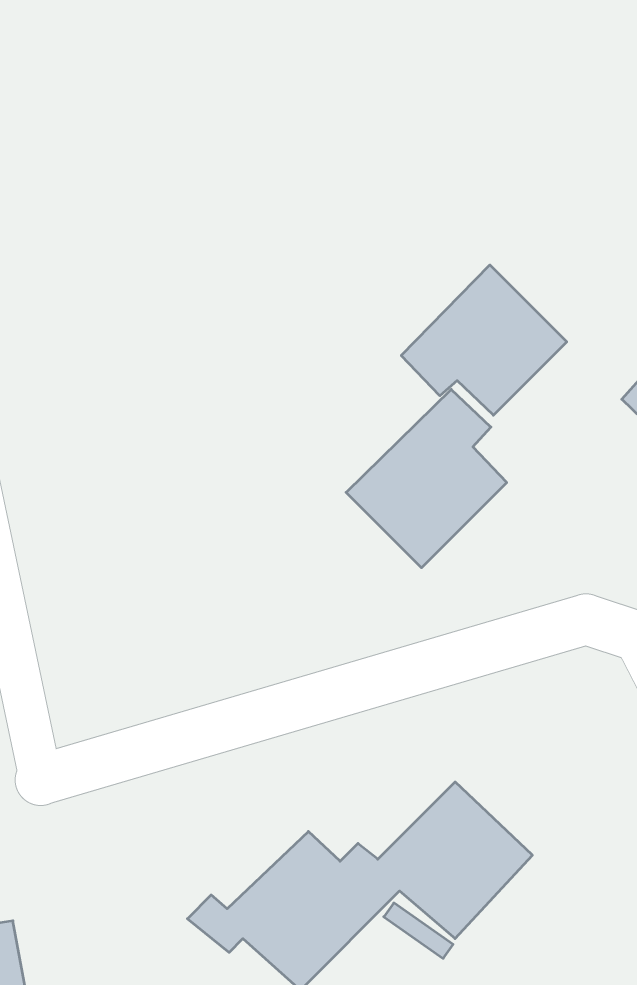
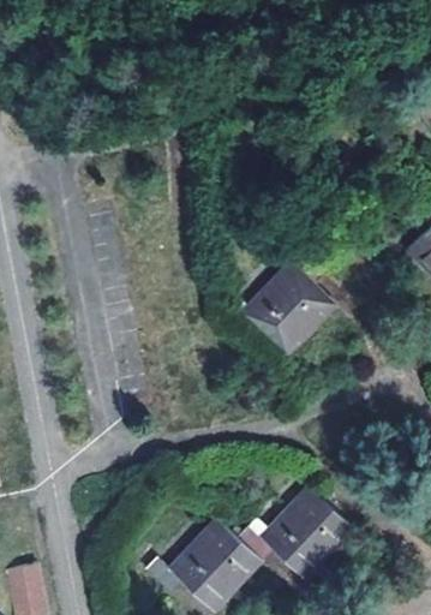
building: [401,265,567,415] -> none

